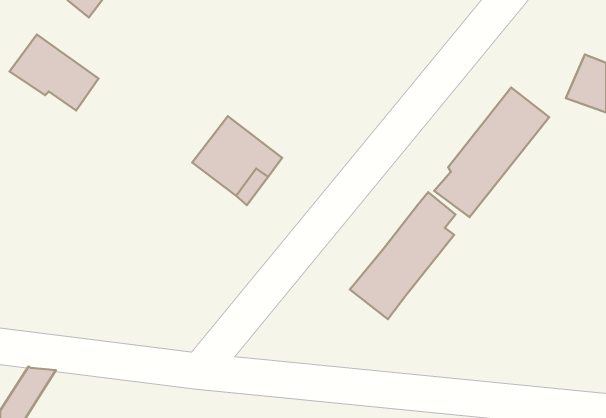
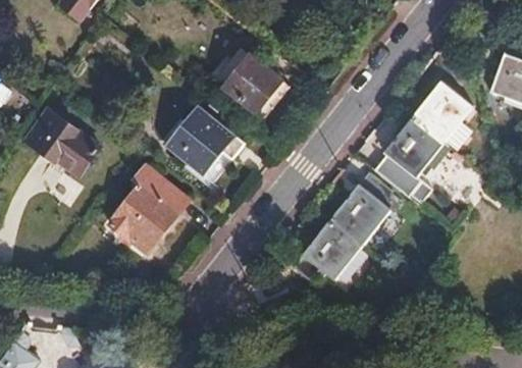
building: [10,35,99,111] -> [23,110,100,175]
building: none -> [223,56,280,113]
building: none -> [110,164,191,249]

